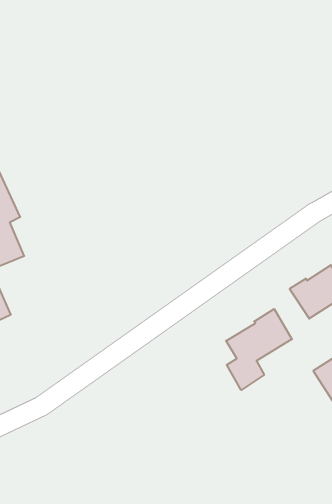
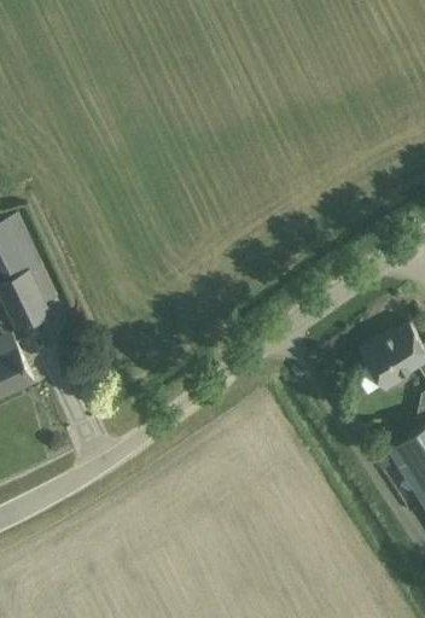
building: [226,309,292,390] -> none

